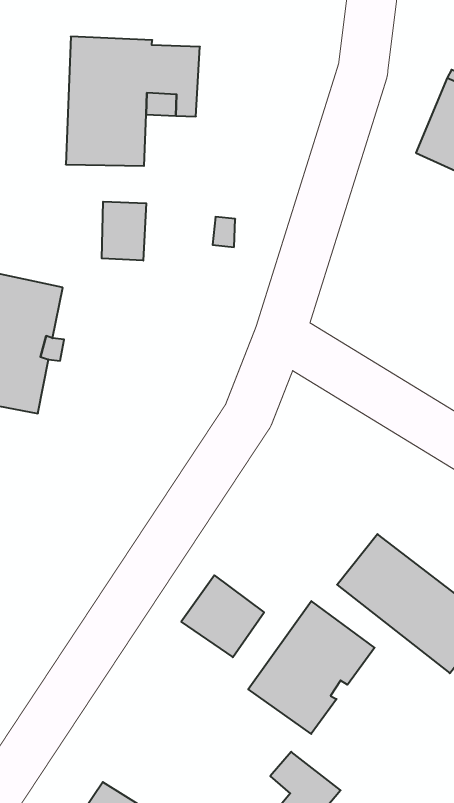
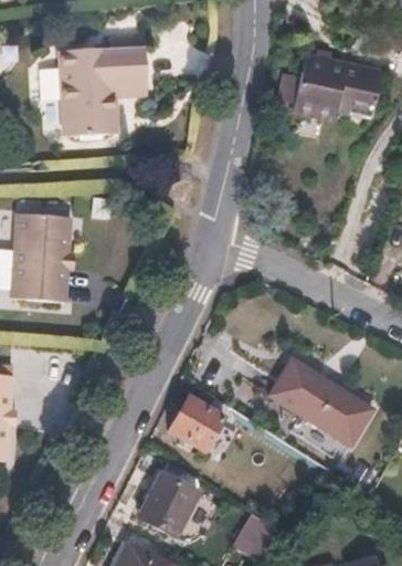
building: [102,202,146,261] -> none
building: [248,601,375,734] -> none
building: none -> [140,472,201,535]

